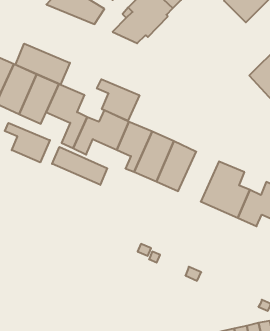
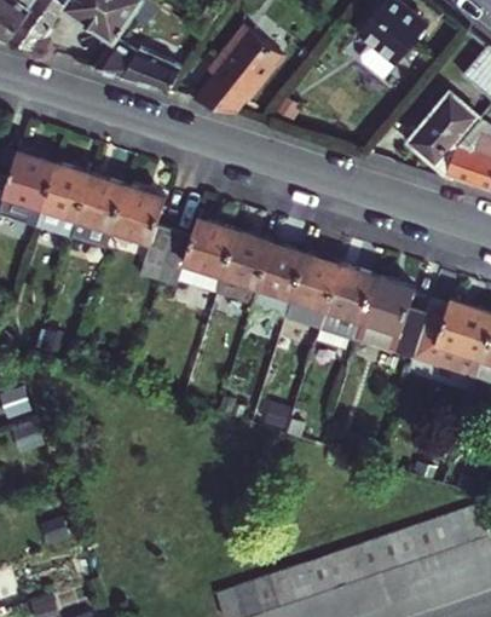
building: [15,44,70,84] -> none
building: [97,79,139,121] -> none
building: [5,123,50,162] -> none
building: [52,147,107,185] -> none
building: none -> [319,265,376,348]

